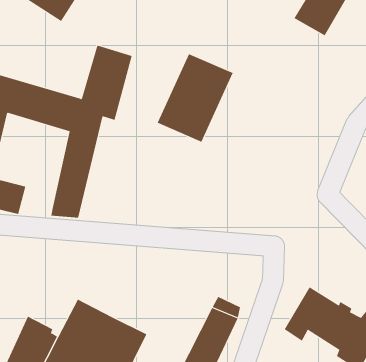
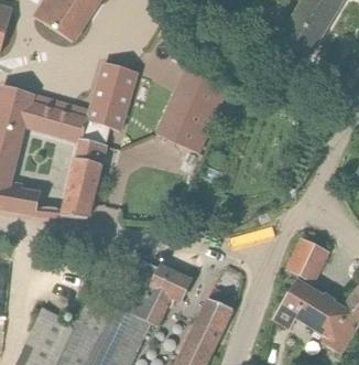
building: none -> [285,237,328,282]
building: none -> [118,258,188,326]

